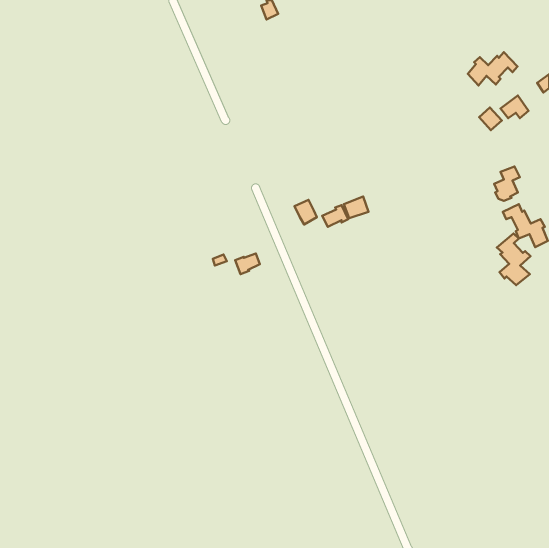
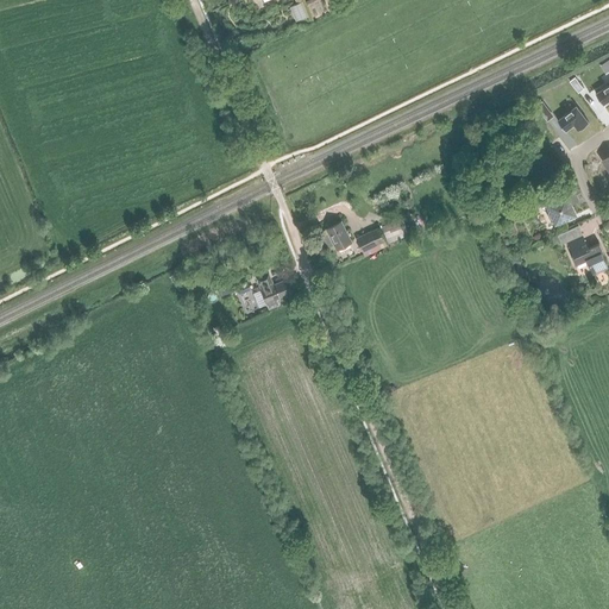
building: [468,52,517,86] -> none
building: [497,233,531,285] -> none

